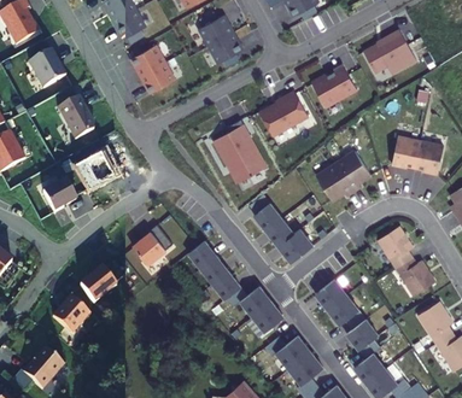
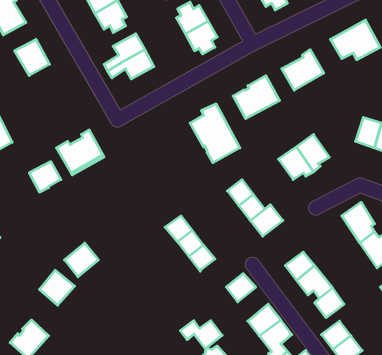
building: [57,96,93,141] -> none
building: [133,224,172,264] -> none
building: [226,285,270,315] -> [180,321,222,349]

